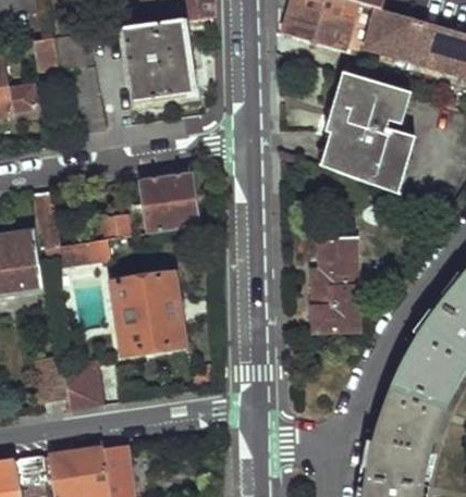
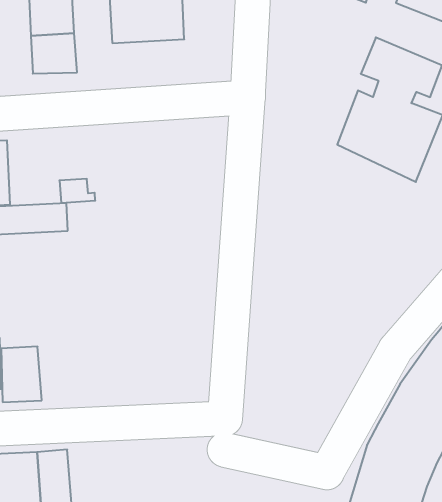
building: [320,73,359,169] -> none
building: [140,170,199,232] -> none
building: [312,235,359,331] -> none
building: [117,272,182,353] -> none

